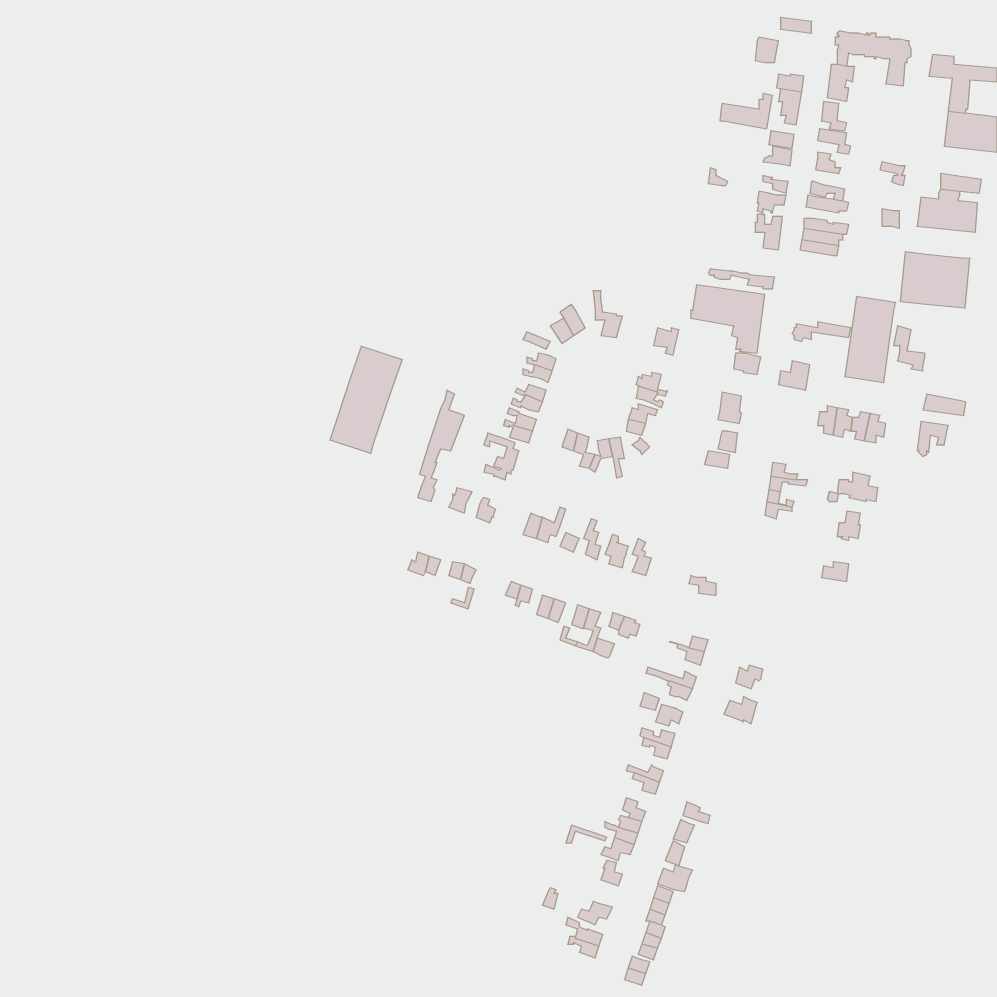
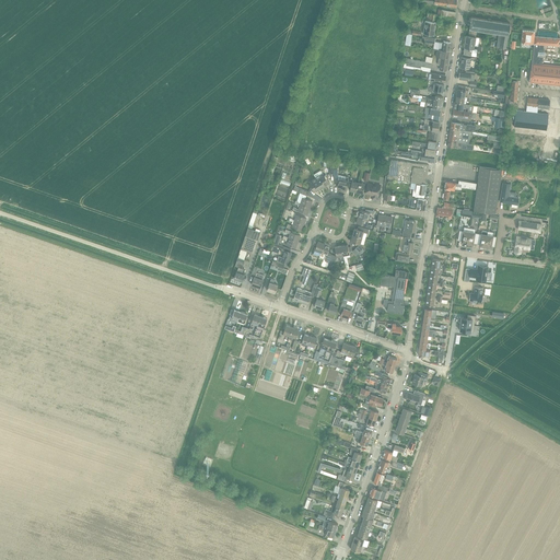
building: [901,252,970,308] -> none
building: [330,346,402,454] -> none
building: none -> [380,270,409,314]

